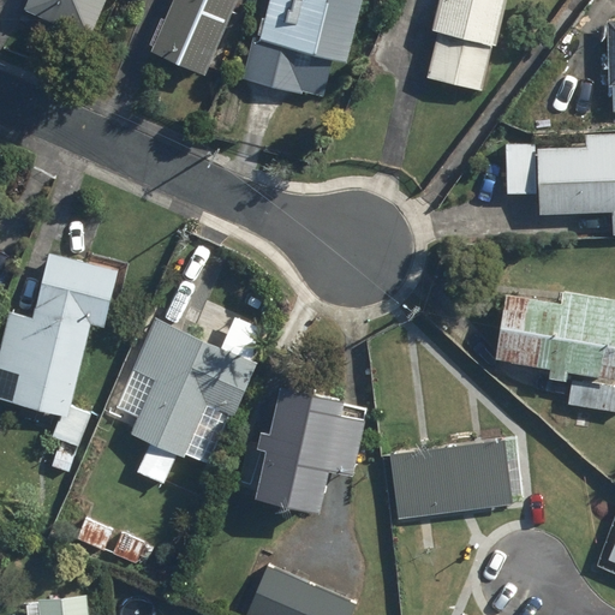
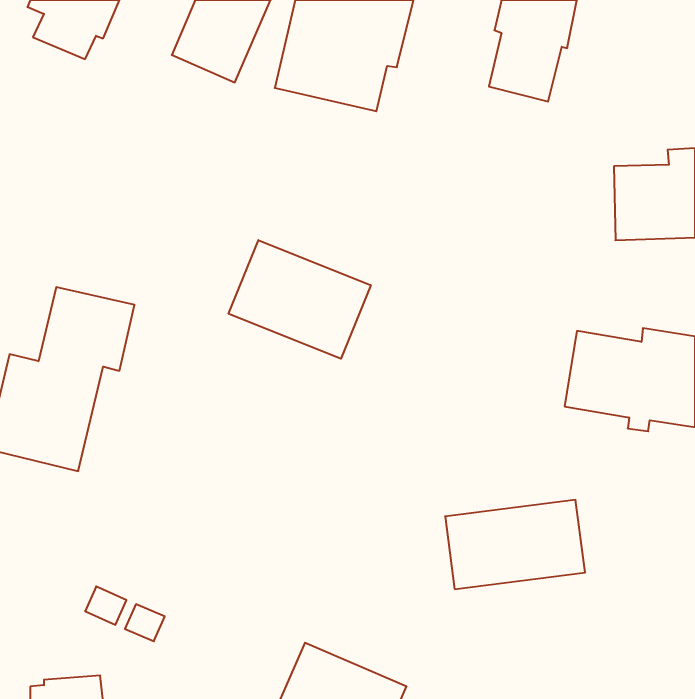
building: none -> [229,240,371,359]
building: [114,318,257,455] -> none
building: [257,382,366,509] -> none

